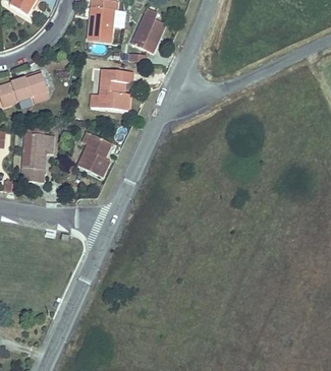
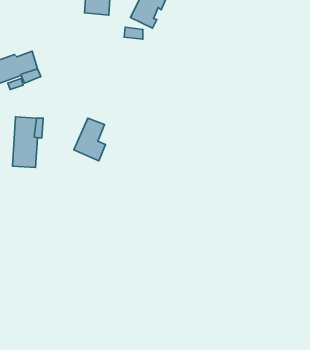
building: [91,68,131,109] -> none

